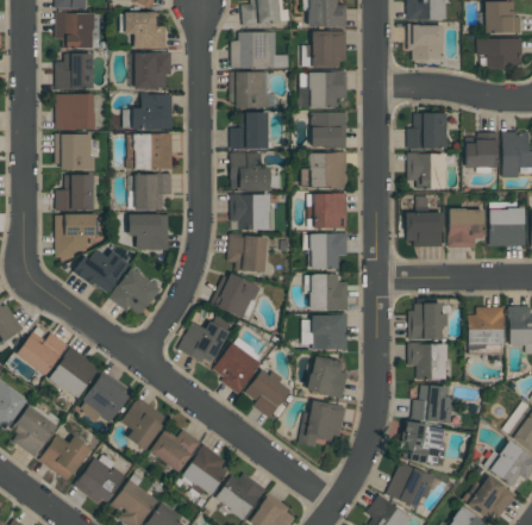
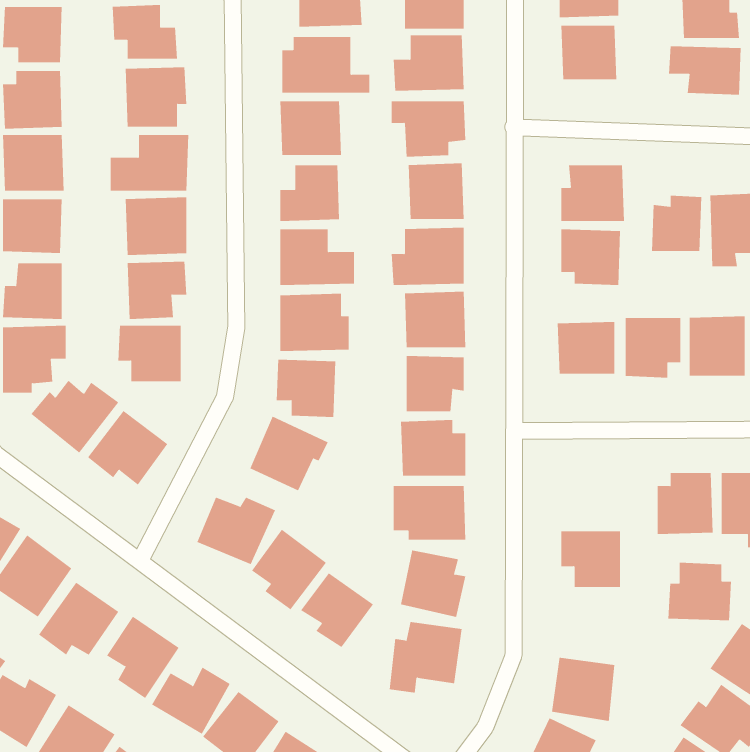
building: [409,304,449,340] -> none
building: [413,386,453,423] -> [668,562,732,621]

